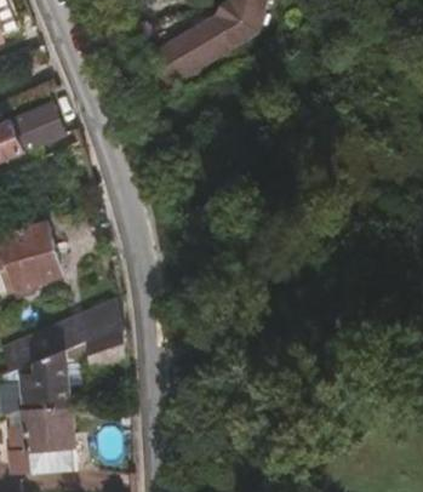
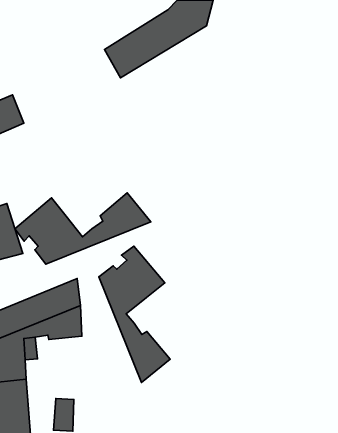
building: none -> [15,193,151,264]
building: none -> [99,246,170,383]

